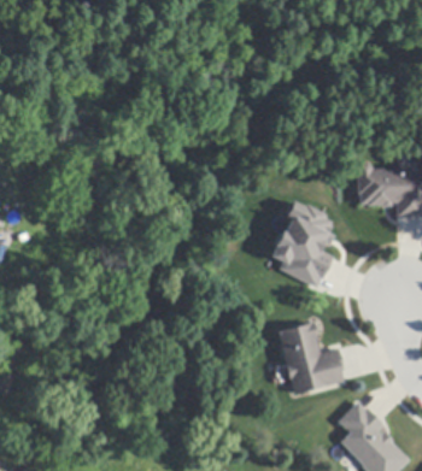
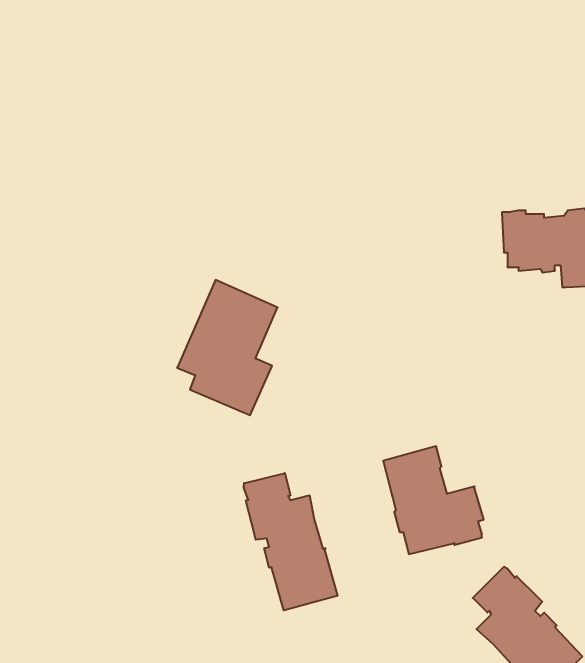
building: [266,198,333,287] -> [177,280,278,415]
building: none -> [244,473,337,610]

